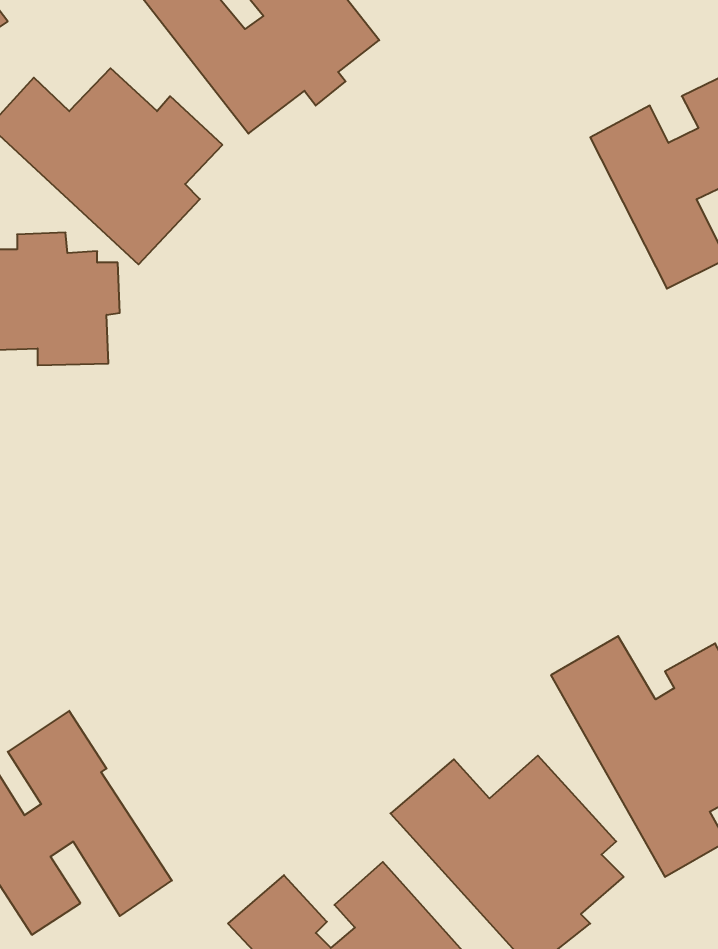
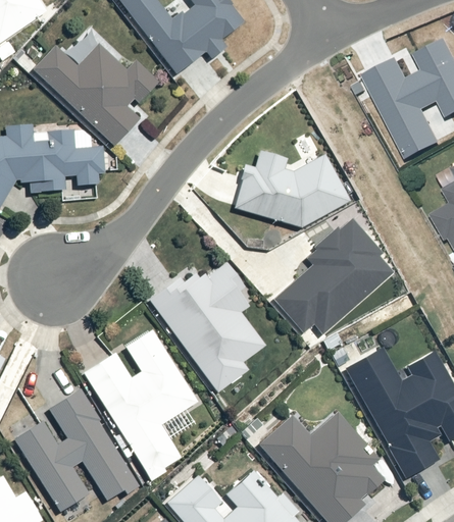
building: none -> [234,155,348,228]
building: none -> [270,219,393,336]
building: none -> [144,262,264,395]
building: none -> [80,329,198,481]

